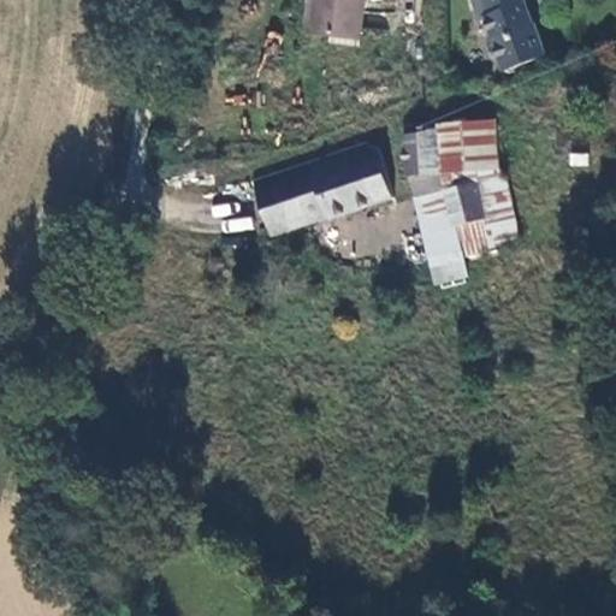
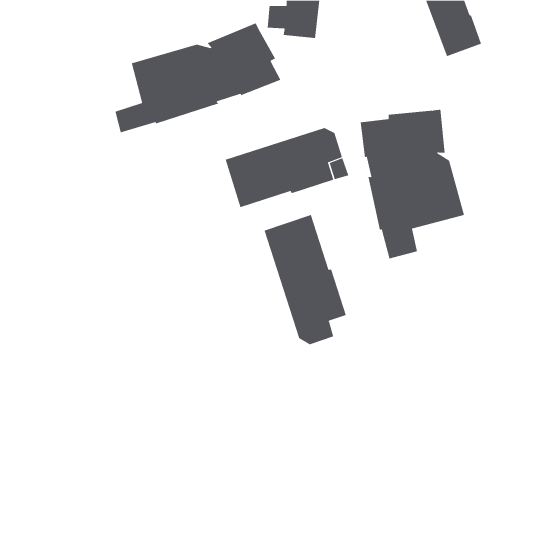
building: none -> [115,23,281,133]
building: none -> [264,214,346,345]

